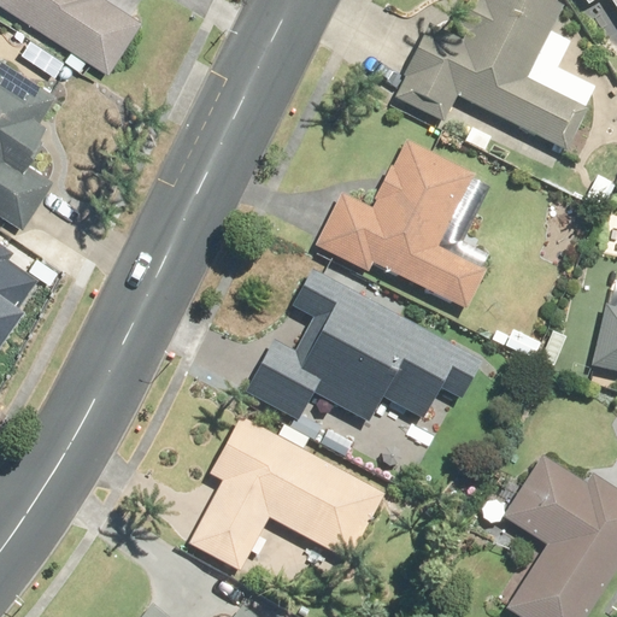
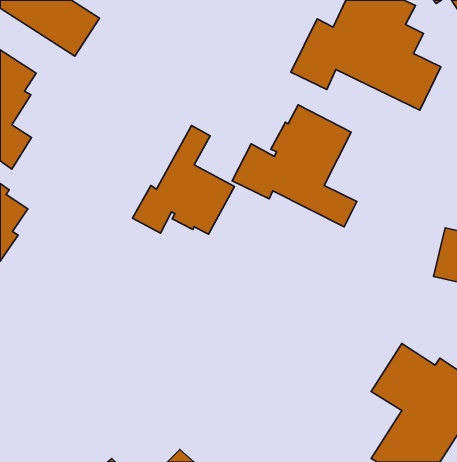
building: none -> [133,126,234,234]
building: [247,272,480,423] -> none
building: [189,419,381,570] -> none

